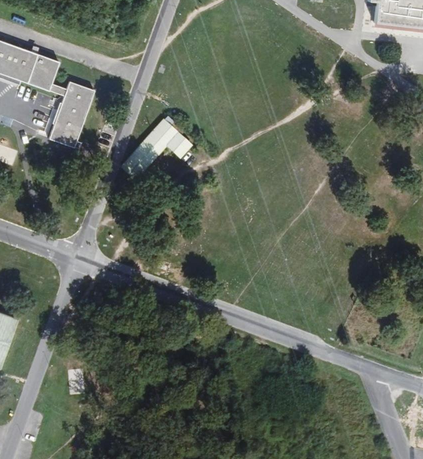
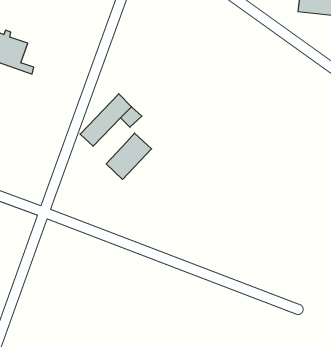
building: [48,81,93,148] -> none
building: none -> [106,133,152,179]

